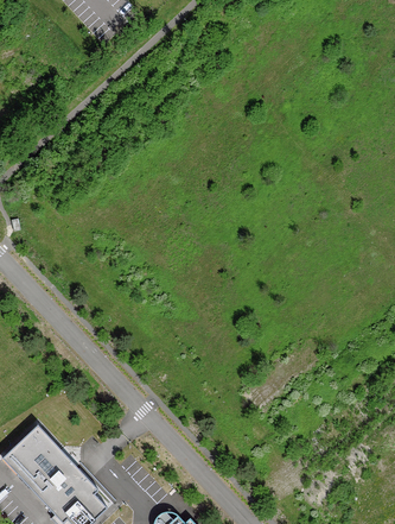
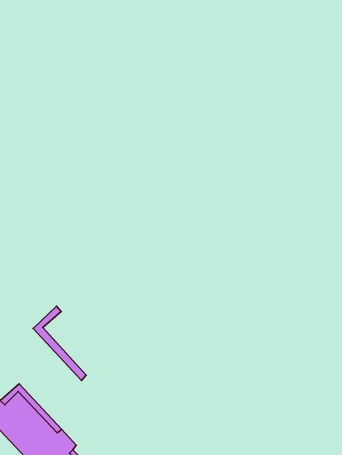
building: none -> [33,306,86,381]

